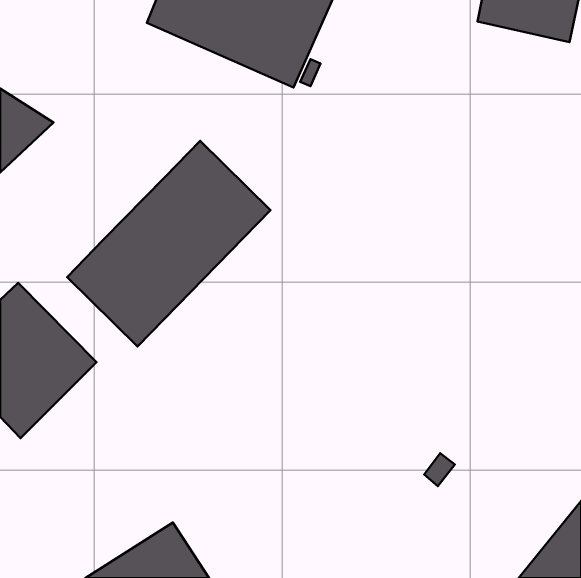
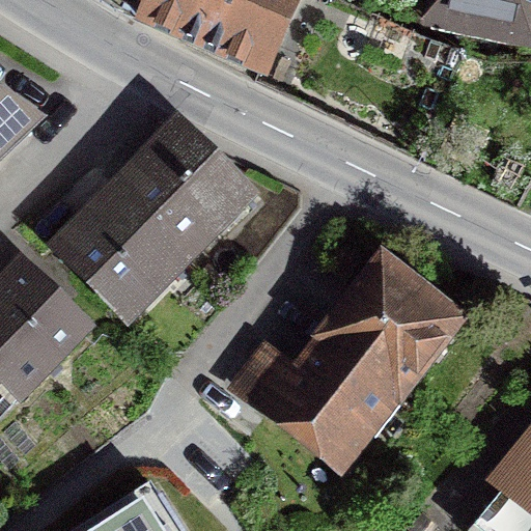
building: none -> [235,263,458,471]

